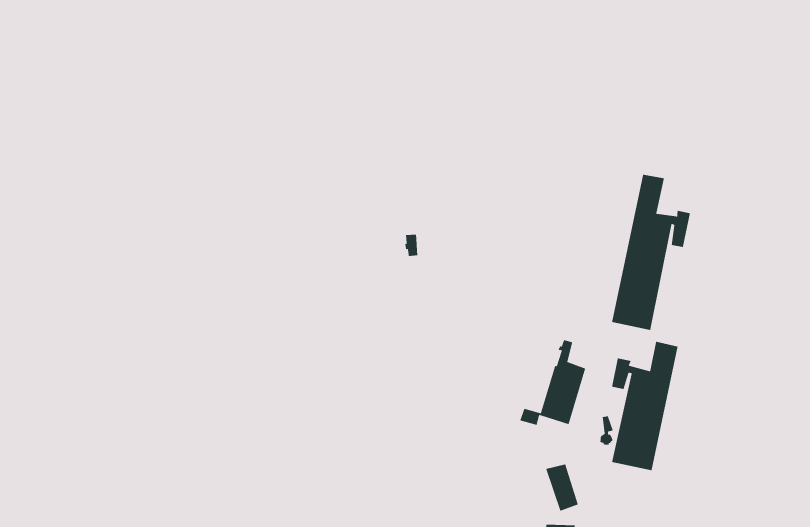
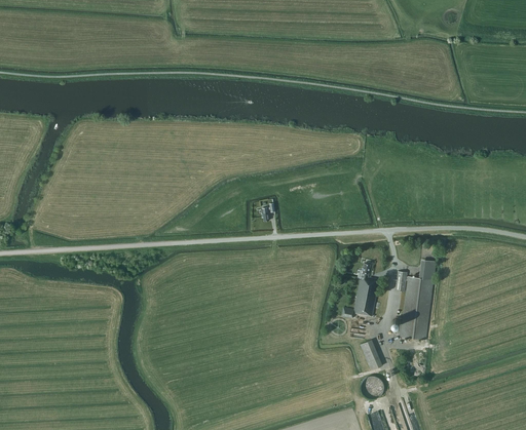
building: [611,174,691,331] -> none

